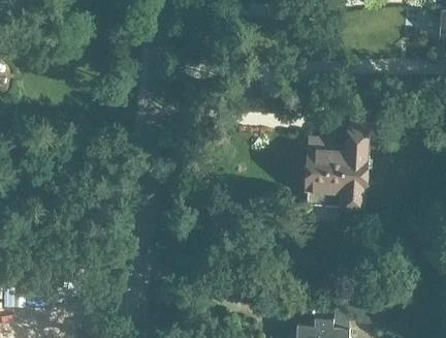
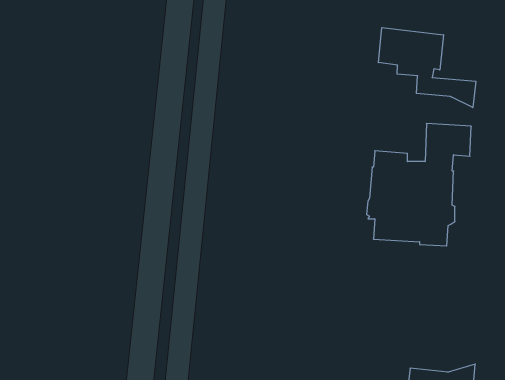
building: none -> [378,28,476,108]

